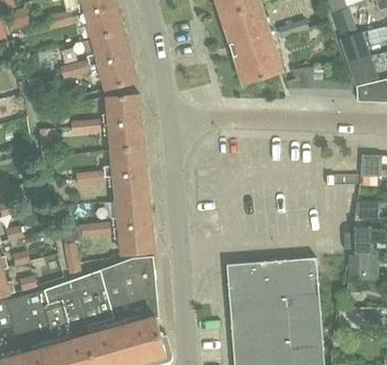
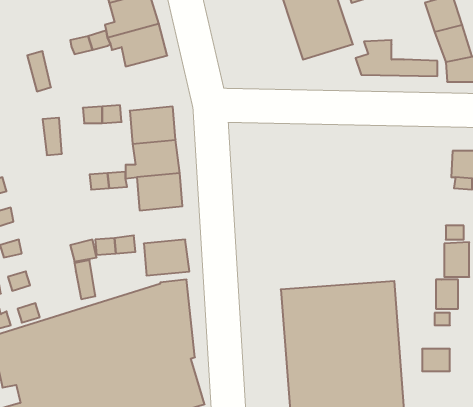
building: [105,94,141,123] -> none
building: [114,198,150,228] -> none

